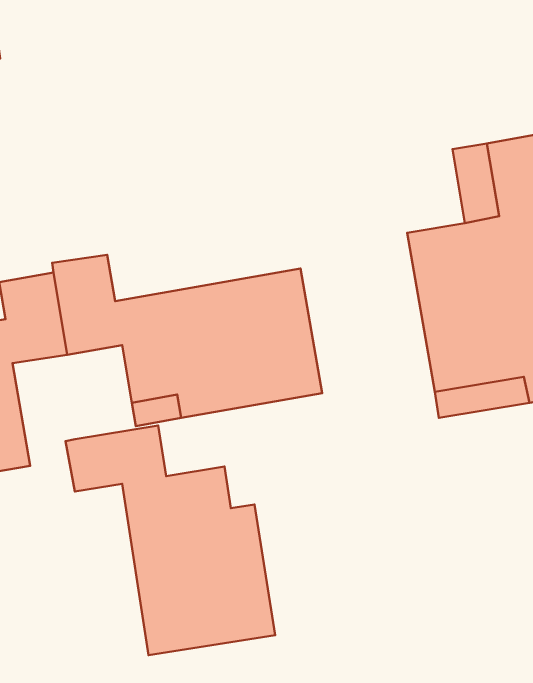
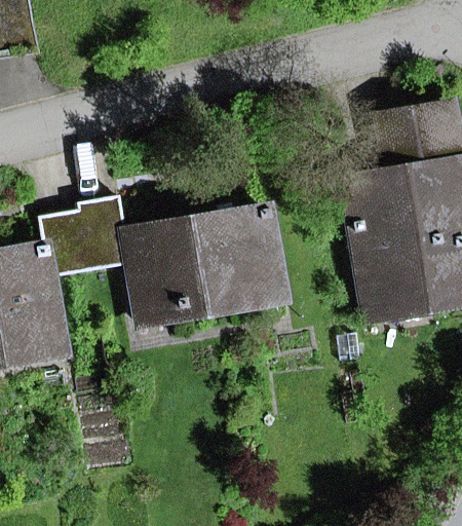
building: [65,425,275,655] -> none

